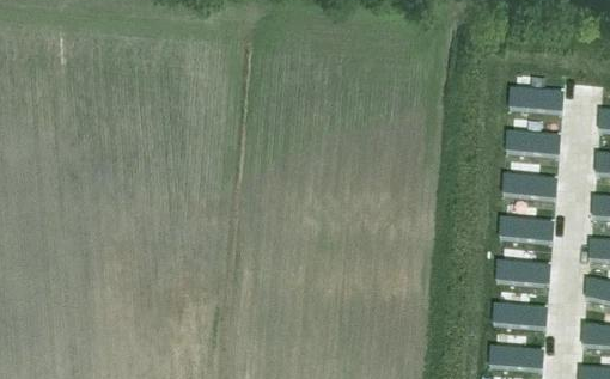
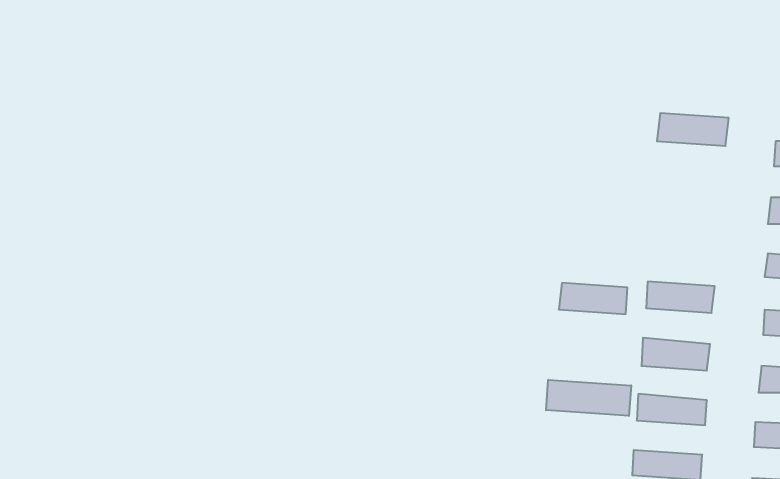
building: [505,130,561,153] -> none
building: [502,173,555,197] -> [559,283,627,314]
building: none -> [546,380,631,416]

